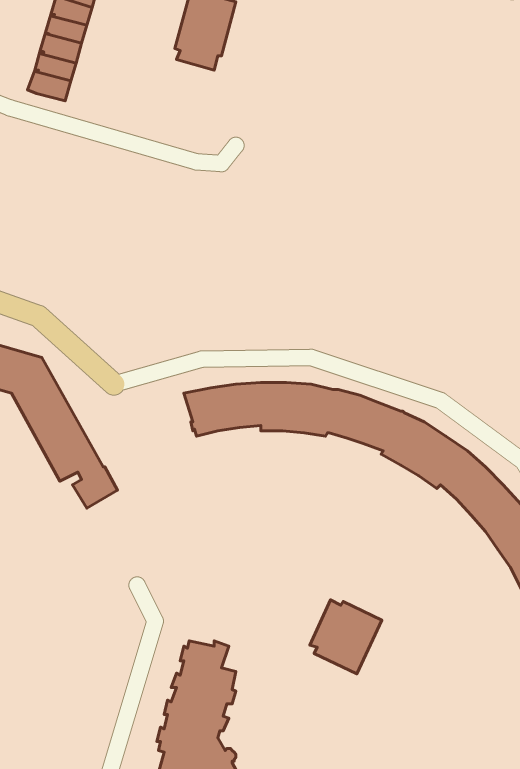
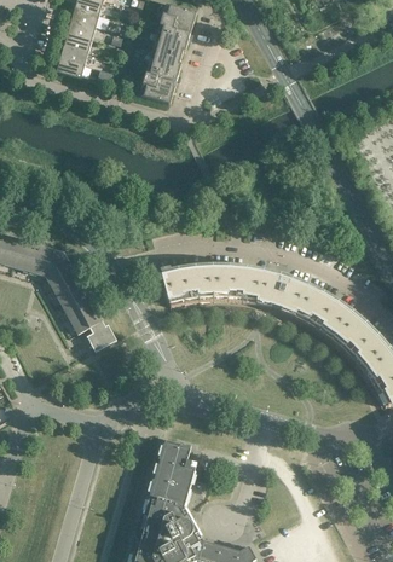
building: none -> [139,50,181,103]
building: [310,600,382,674] -> none

